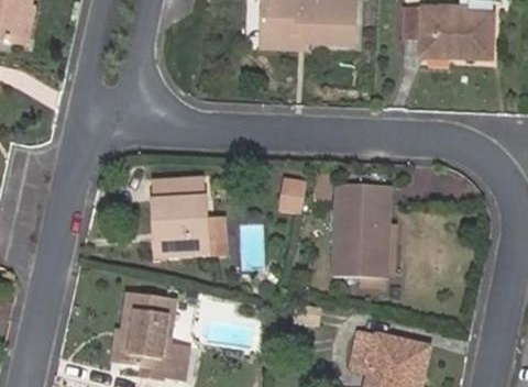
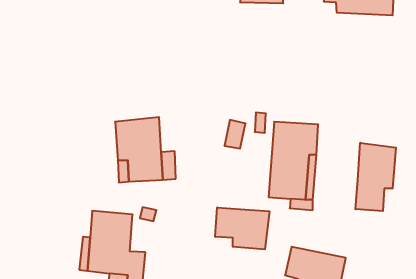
building: none -> [355,143,396,211]
building: none -> [215,207,269,249]

